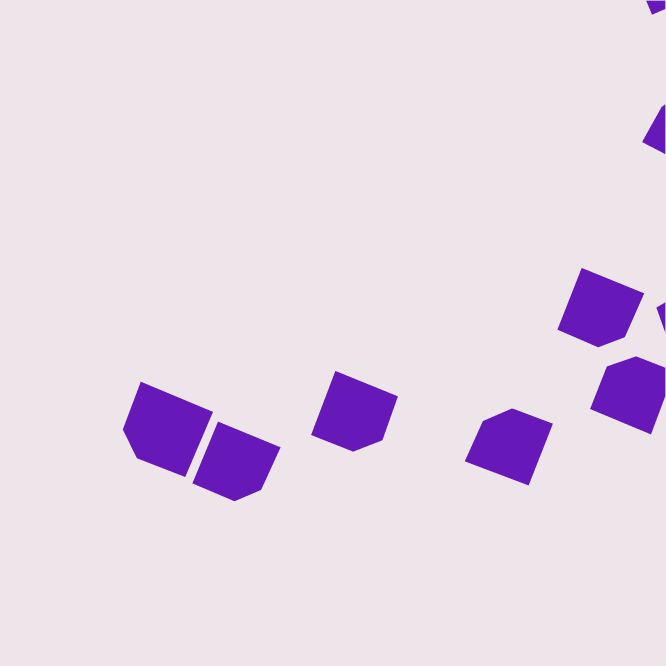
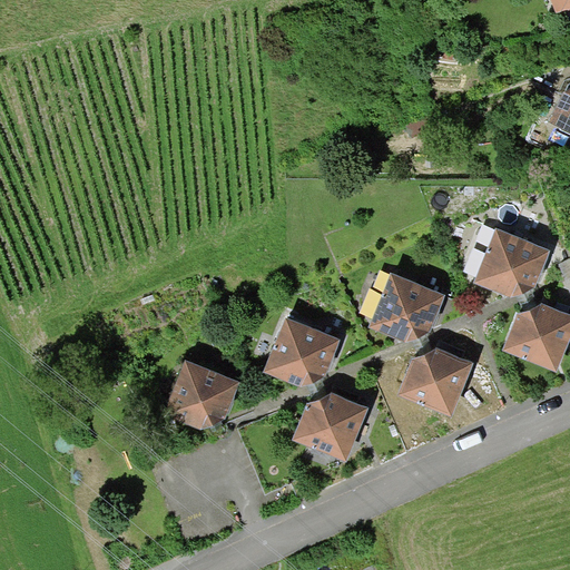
building: none -> [368,272,444,342]
building: [122,381,214,478] -> none
building: none -> [292,392,368,461]

